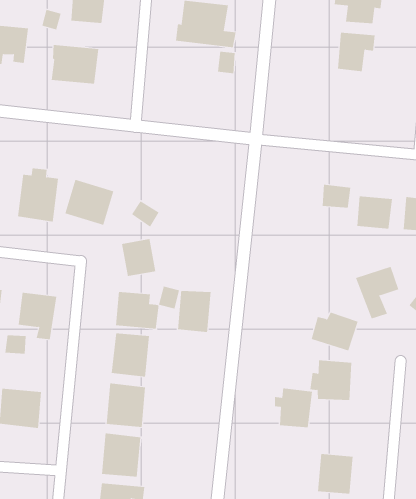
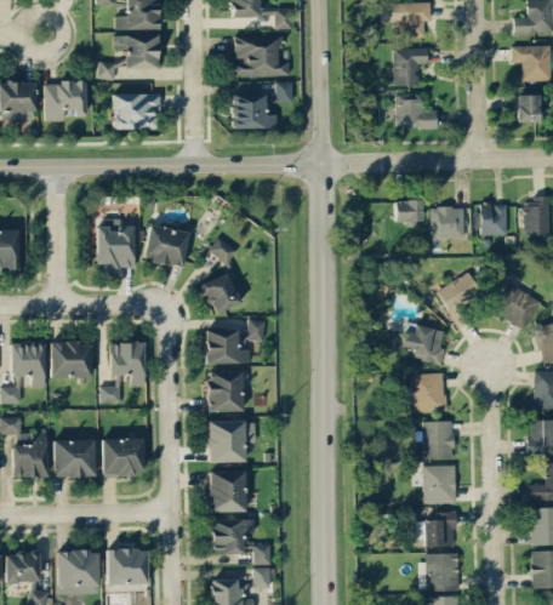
building: none -> [232,93,278,129]
building: none -> [397,93,437,129]
building: [177,290,211,333] -> none
building: [274,388,313,428] -> [416,421,454,458]

